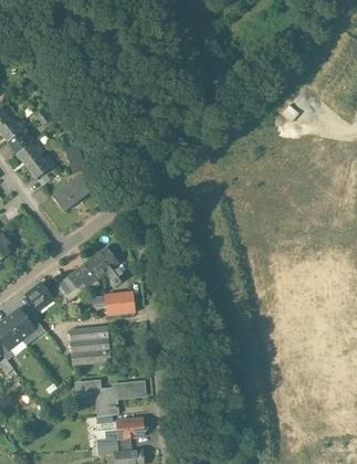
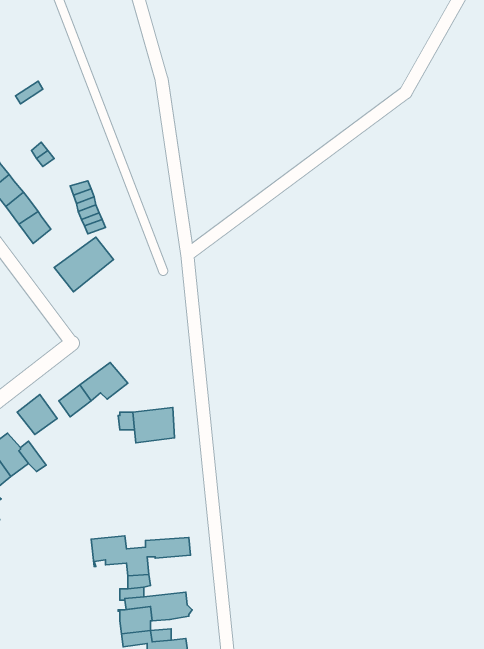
building: [90,246,125,284] -> none
building: [70,325,111,366] -> none

